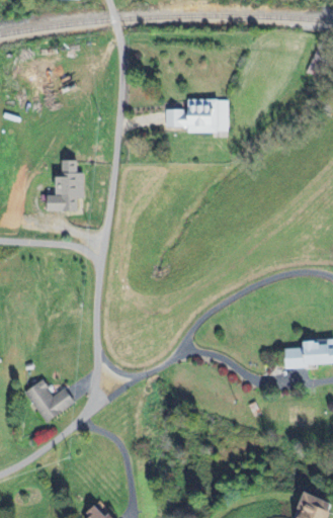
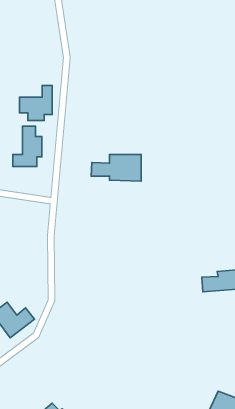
building: [164,100,227,134] -> [91,154,141,181]
building: none -> [19,85,52,120]

